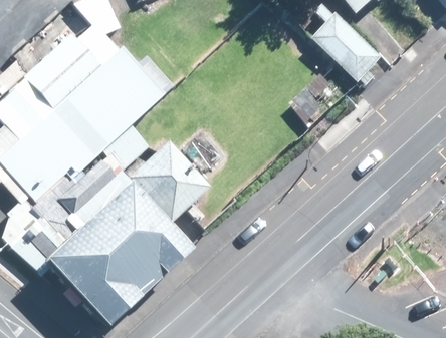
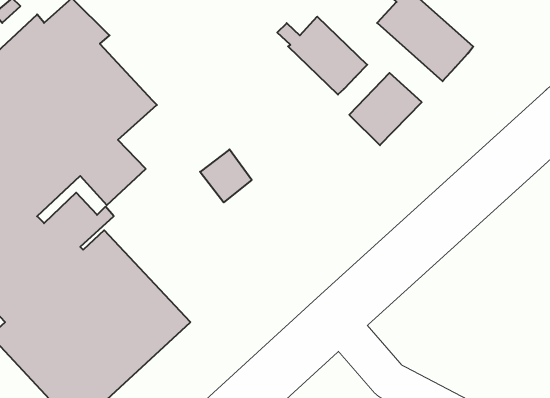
building: none -> [277,17,367,95]
building: [128,144,209,226] -> none

